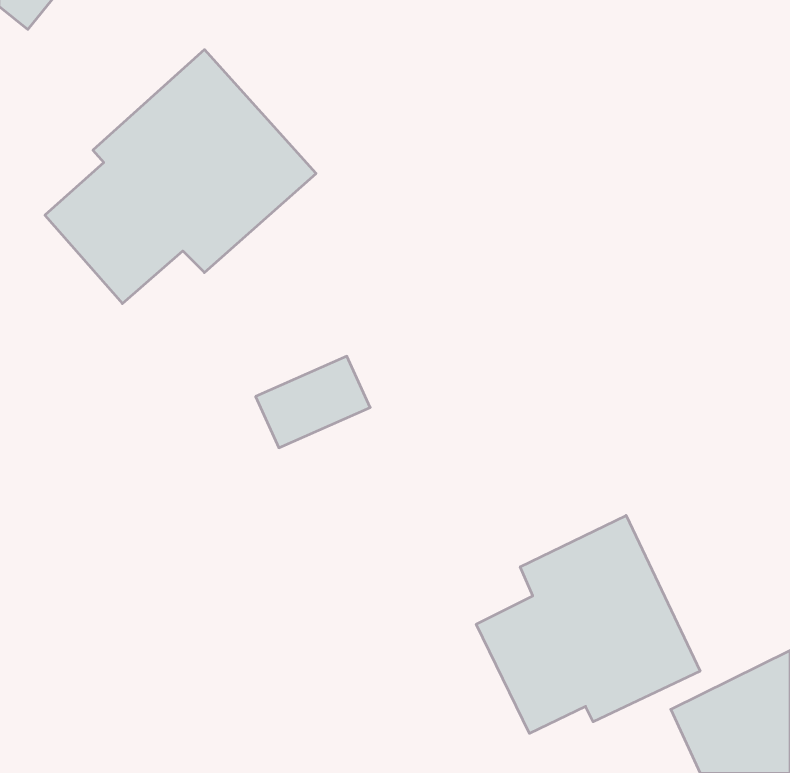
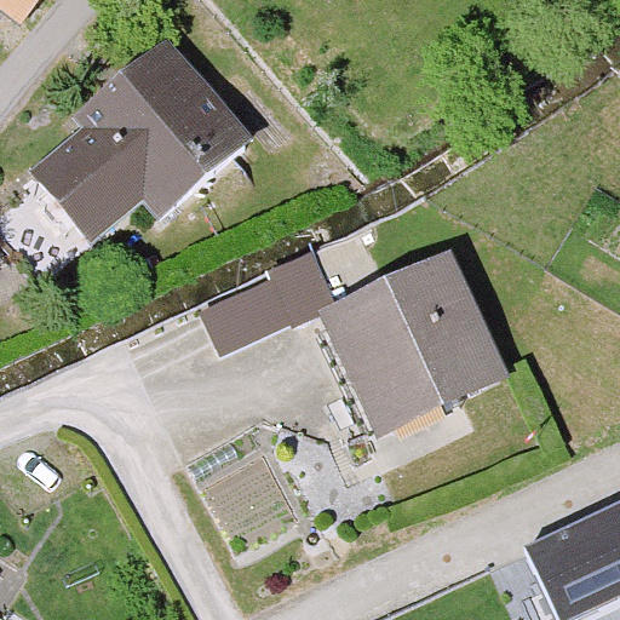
building: none -> [326,253,507,430]
building: [476,515,700,733] -> none

